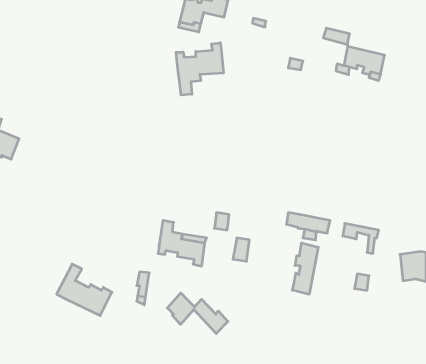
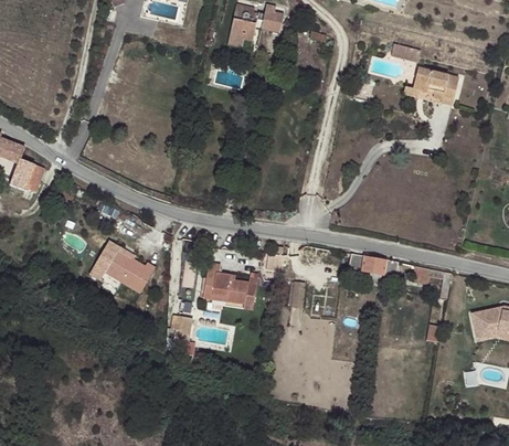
building: [176,43,223,95] -> none
building: [292,243,318,294] -> none
building: [57,264,112,316] -> [92,240,155,298]
building: [167,293,228,334] -> none

